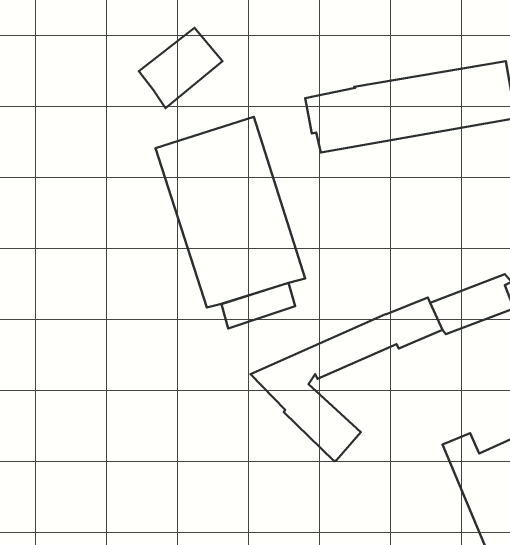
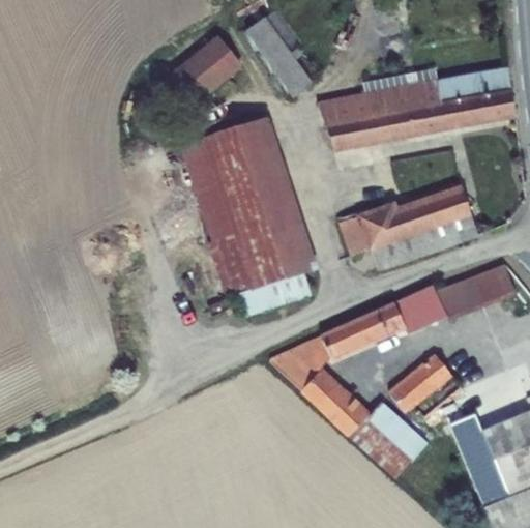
building: none -> [245,14,314,96]
building: none -> [340,183,478,270]
building: none -> [387,351,464,417]
building: none -> [349,400,428,476]

